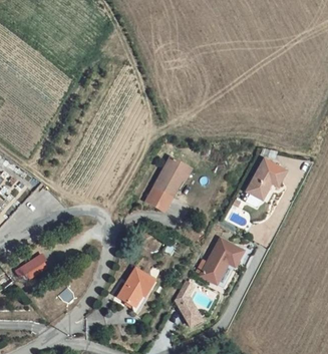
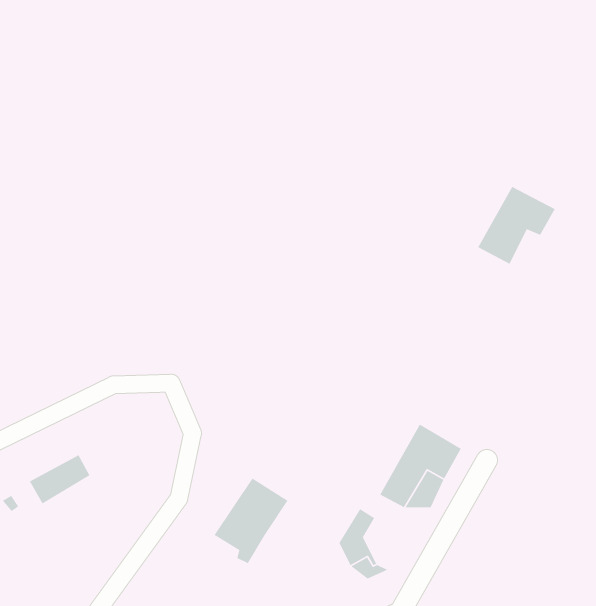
building: [242,157,283,199] -> [477,186,556,265]
building: [147,161,179,200] -> none

